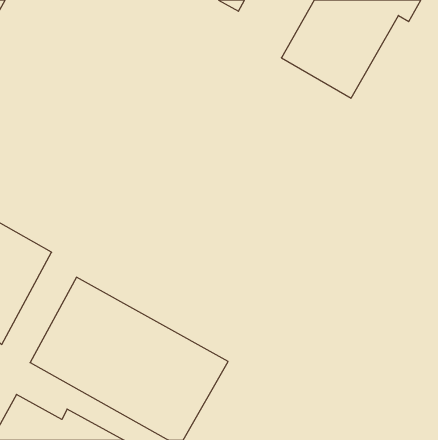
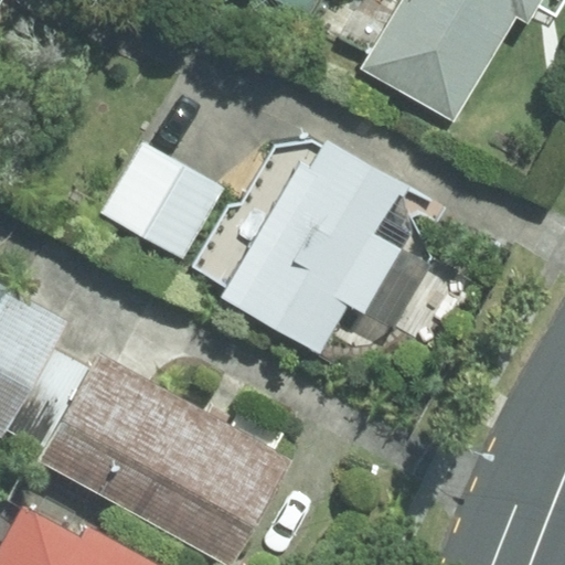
building: none -> [221,139,411,352]
building: none -> [102,140,223,257]

